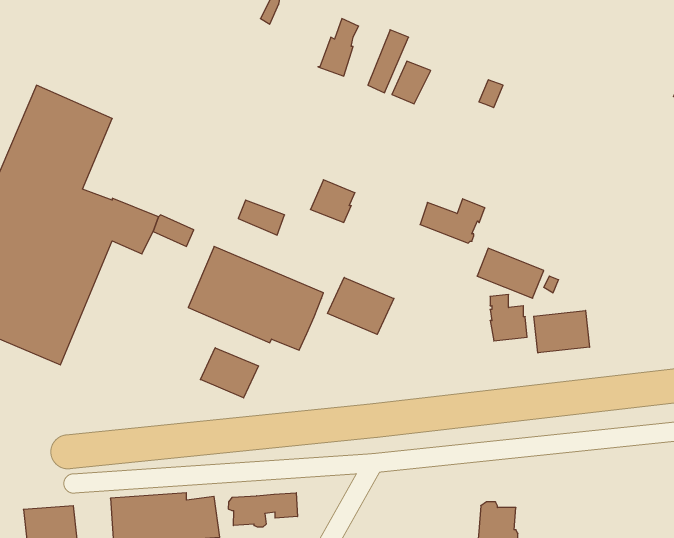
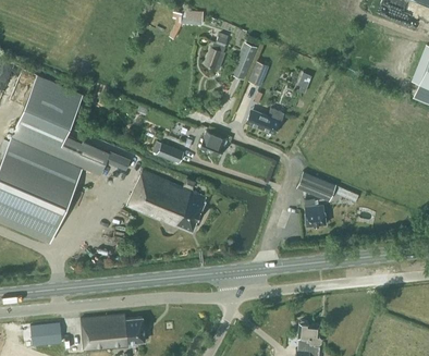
building: [420,199,485,243] -> [246,108,284,134]
building: [327,277,394,334] -> none
building: [534,310,590,353] -> none
building: [200,348,258,398] -> none
building: [229,493,297,527] -> none

